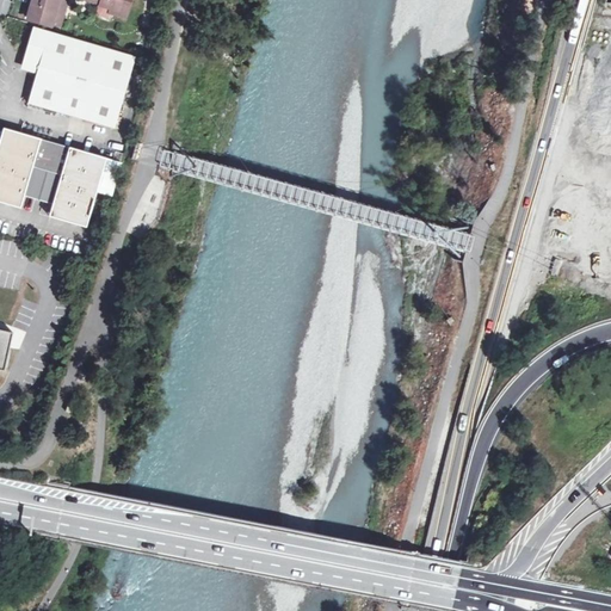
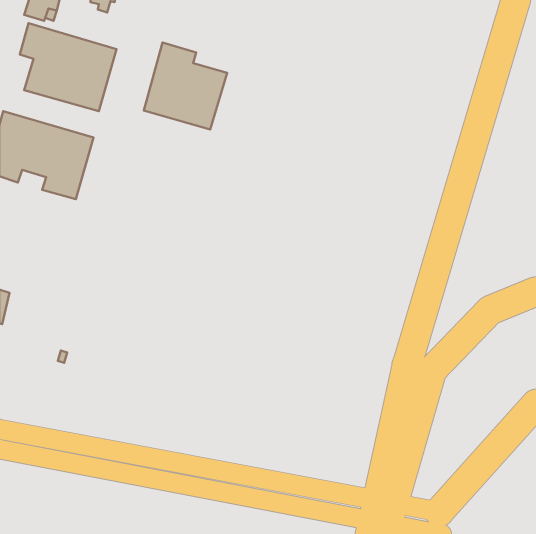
building: none -> [144,42,227,130]

